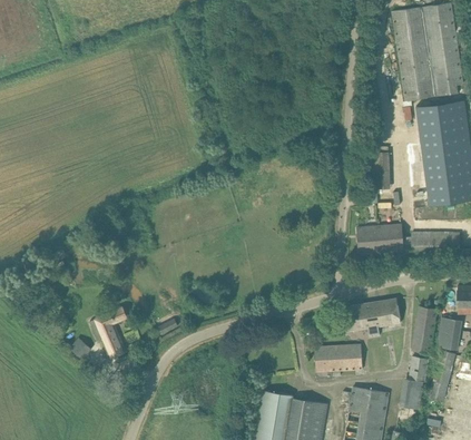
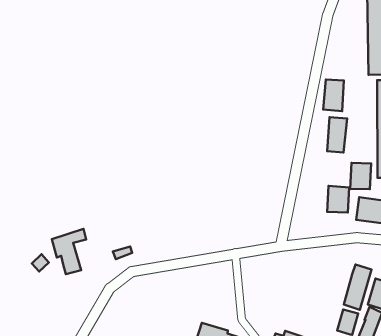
building: none -> [323,79,344,111]
building: [359,225,382,255] -> [350,163,371,189]
building: [345,297,402,331] -> none
building: [315,344,363,371] -> none

